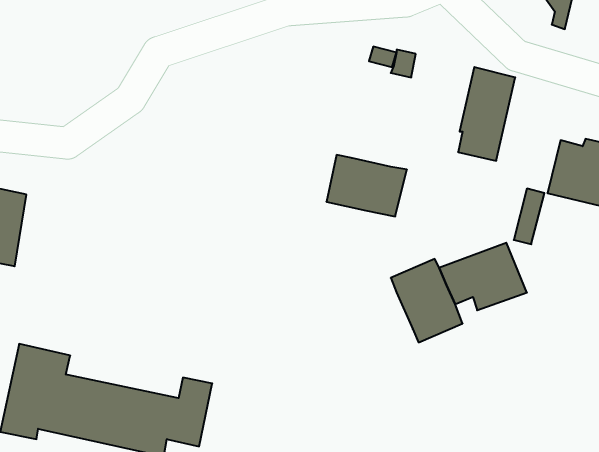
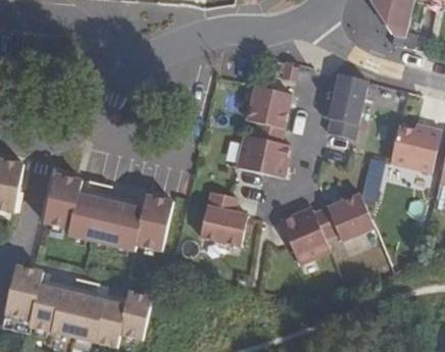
building: none -> [246,86,291,143]
building: none -> [48,174,176,249]
building: none -> [198,192,247,247]

